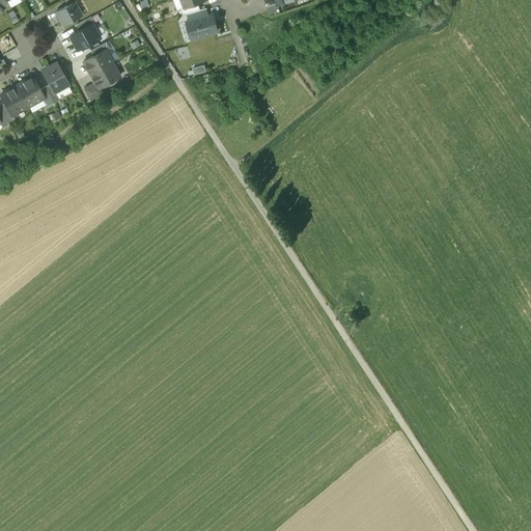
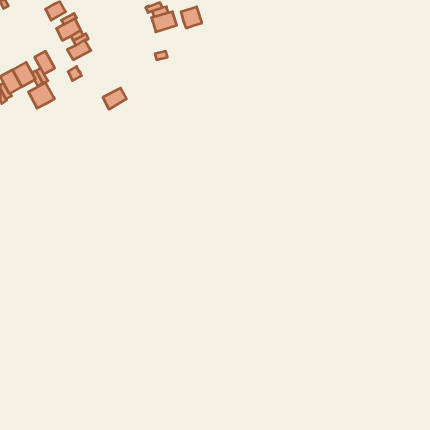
building: none -> [181,7,202,28]
building: [90,62,119,88] -> [103,88,126,109]
building: none -> [28,82,54,108]

